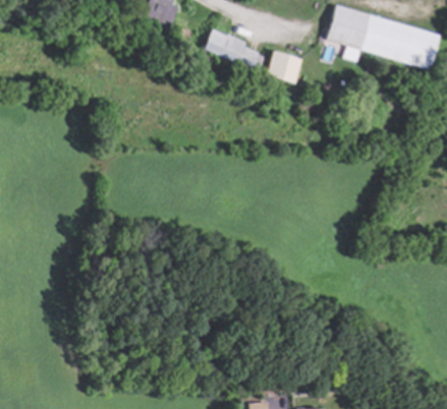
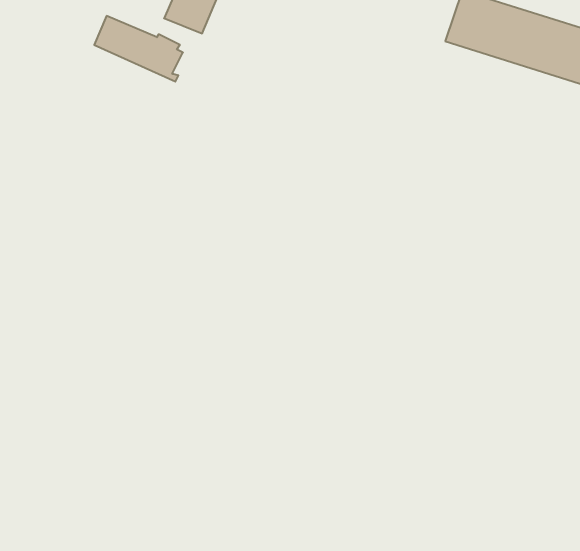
building: [205,27,264,71] -> [94,16,183,82]
building: [266,48,302,81] -> none

